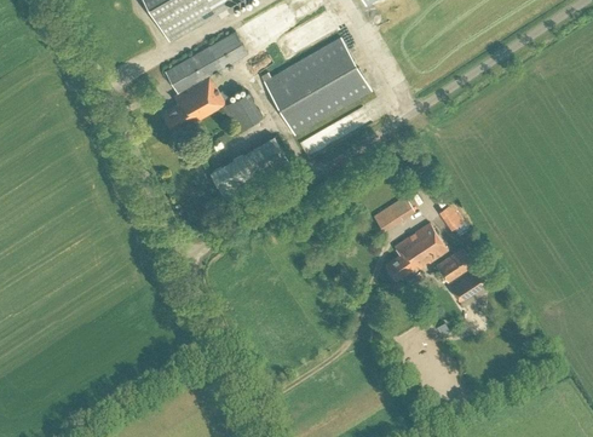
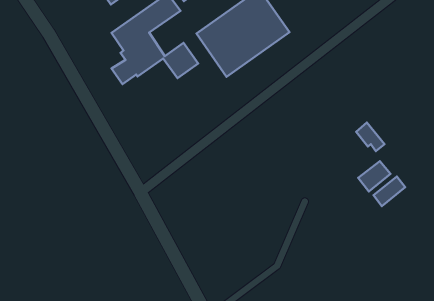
building: [209,138,288,200] -> none
building: [375,194,419,230] -> none
building: [385,224,447,282] -> none

